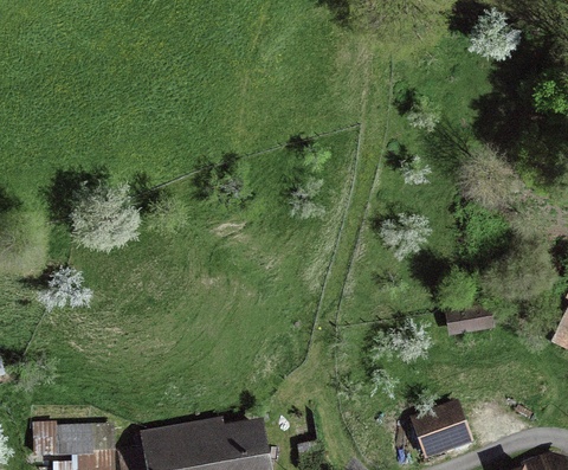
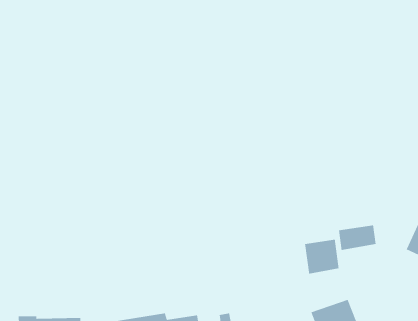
building: none -> [304,239,339,274]

